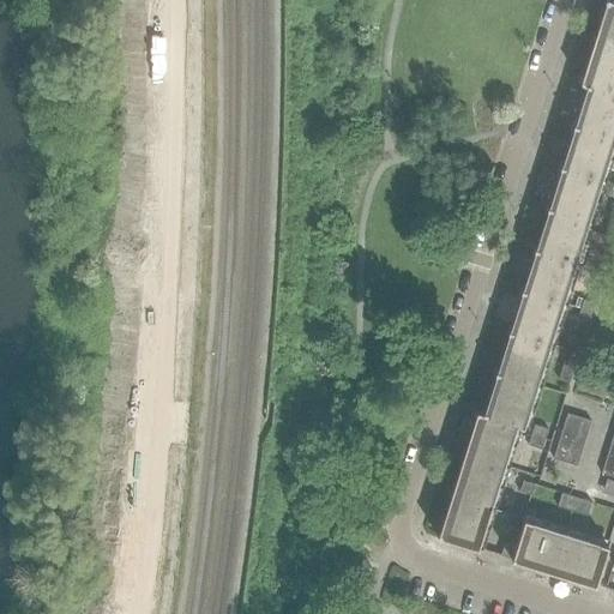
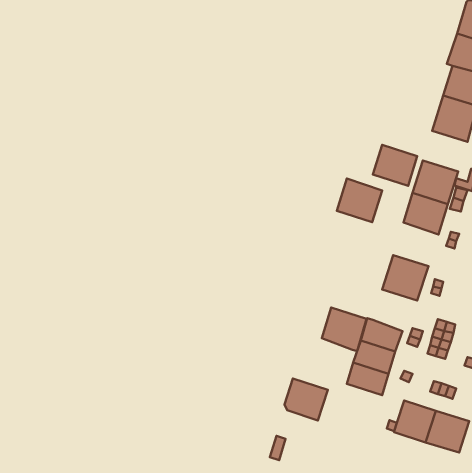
building: [549,170,607,223] -> [373,145,417,186]
building: [511,289,570,345] -> [337,178,382,222]
building: [484,375,542,432] -> [322,308,366,351]
building: [440,498,496,552] -> [284,379,328,420]

